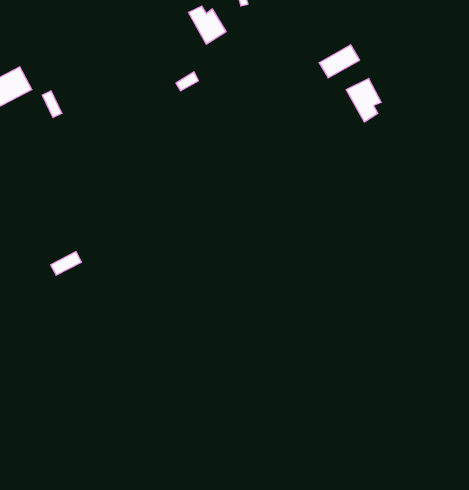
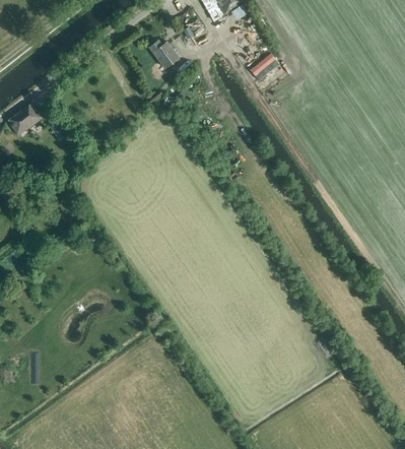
building: [346,78,381,122] -> none

